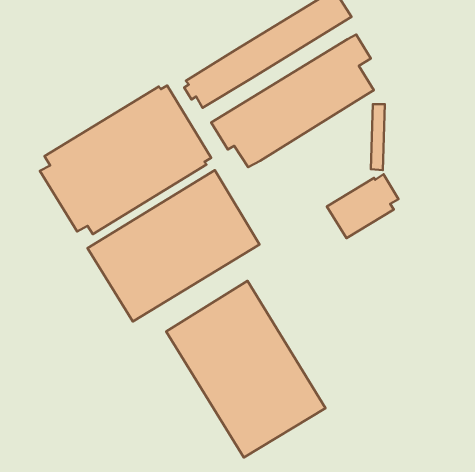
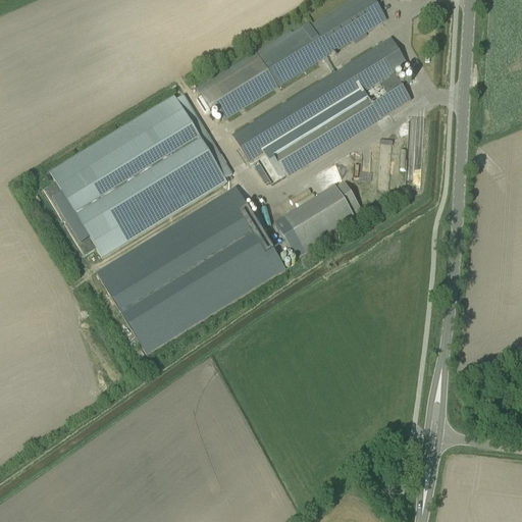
building: [327,174,399,238] -> [282,181,361,252]
building: [166,281,325,457] -> none

